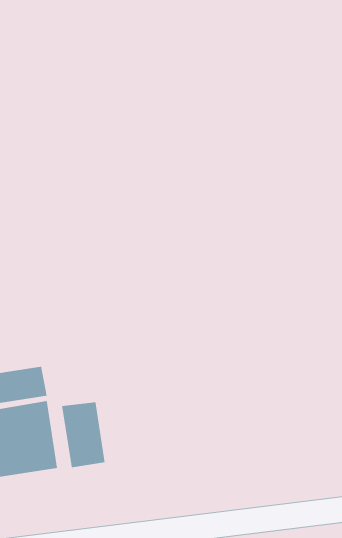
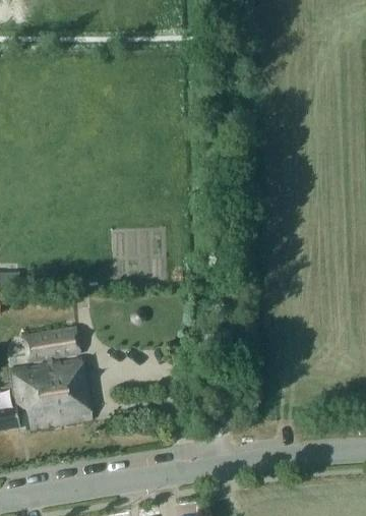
building: [62,401,105,468] -> none

